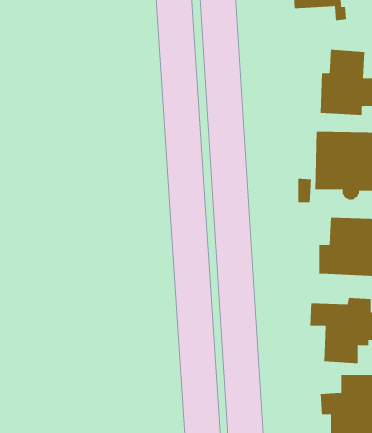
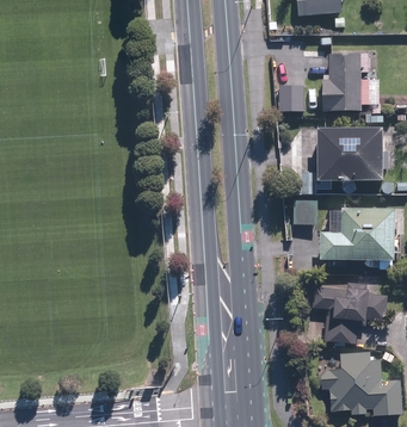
building: none -> [279,83,306,111]
building: none -> [294,199,319,224]

